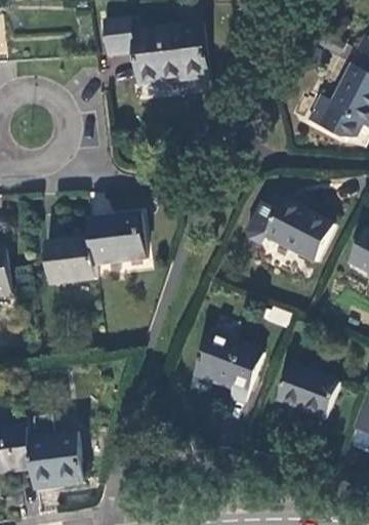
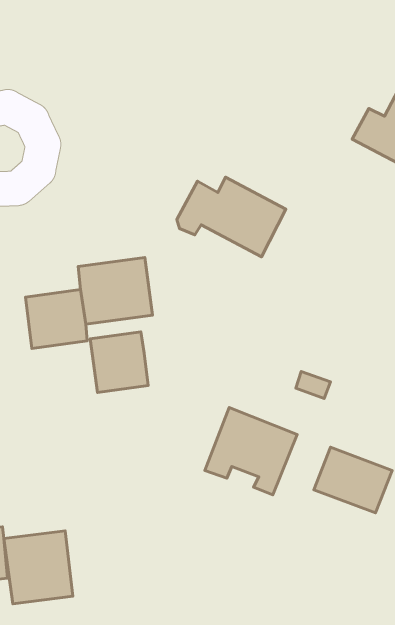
building: [100,16,208,83] -> none
building: [246,198,333,261] -> [177,177,286,257]
building: none -> [90,332,148,393]

